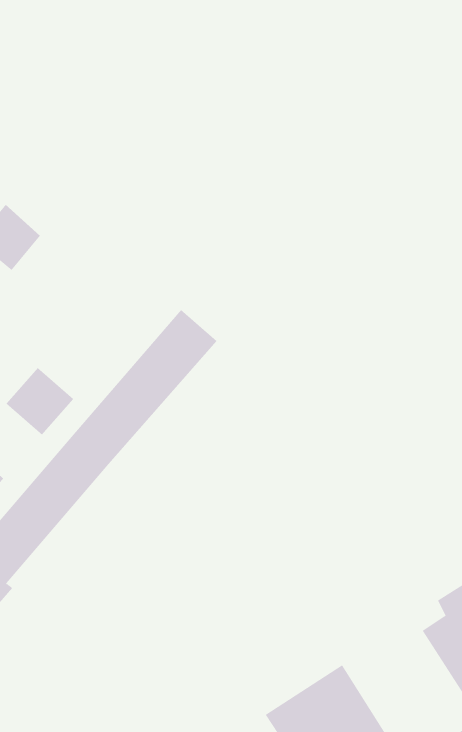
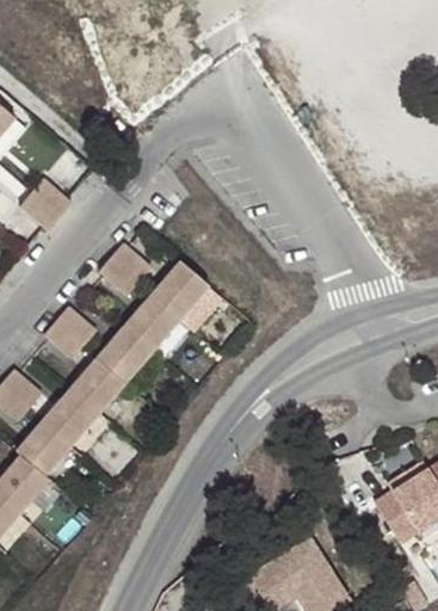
building: none -> [99,241,152,295]

